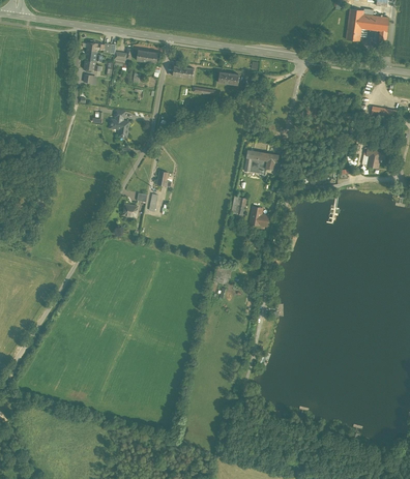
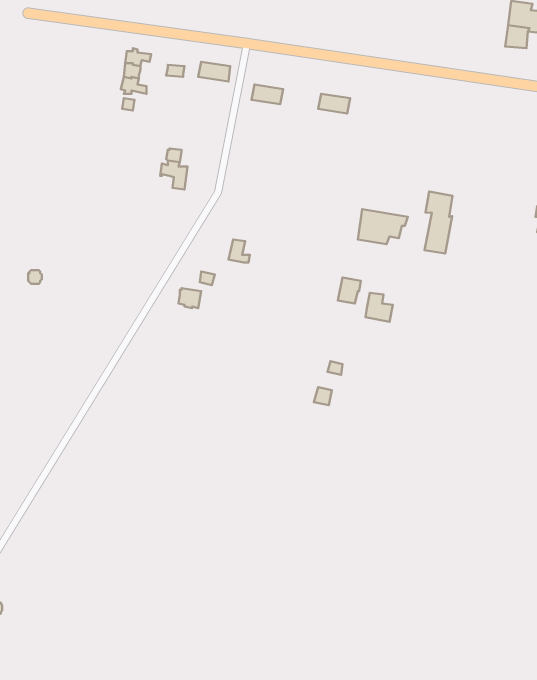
building: none -> [425,191,453,254]

